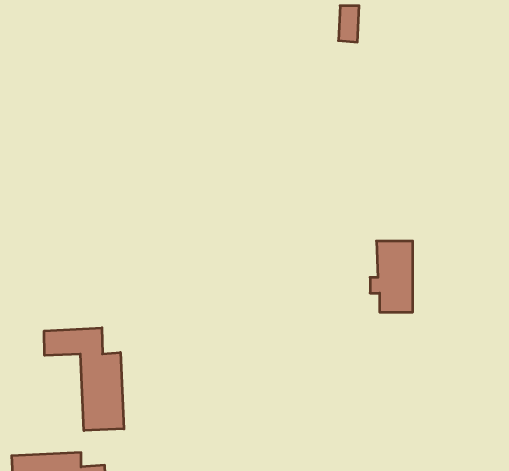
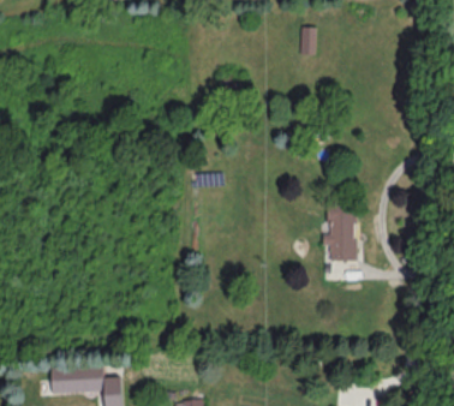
building: [44,328,124,431] -> none

